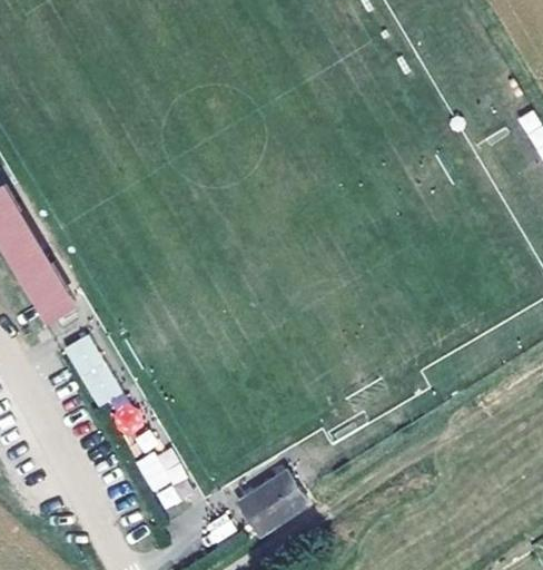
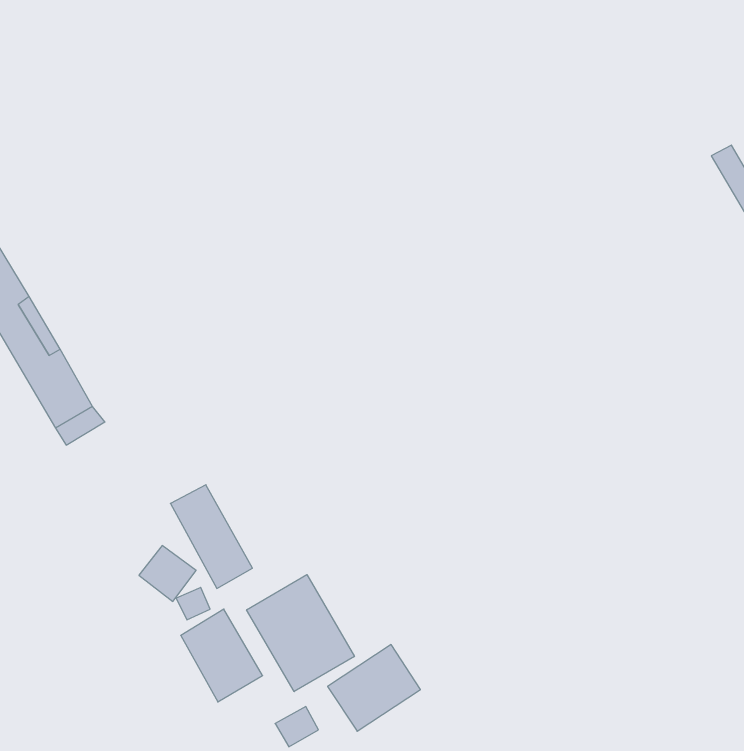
building: [61,334,120,409] -> [170,485,252,588]
building: none -> [247,575,354,692]

